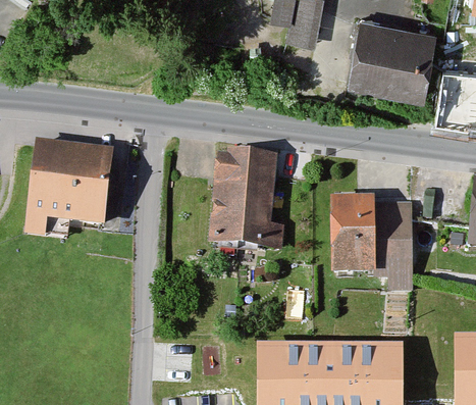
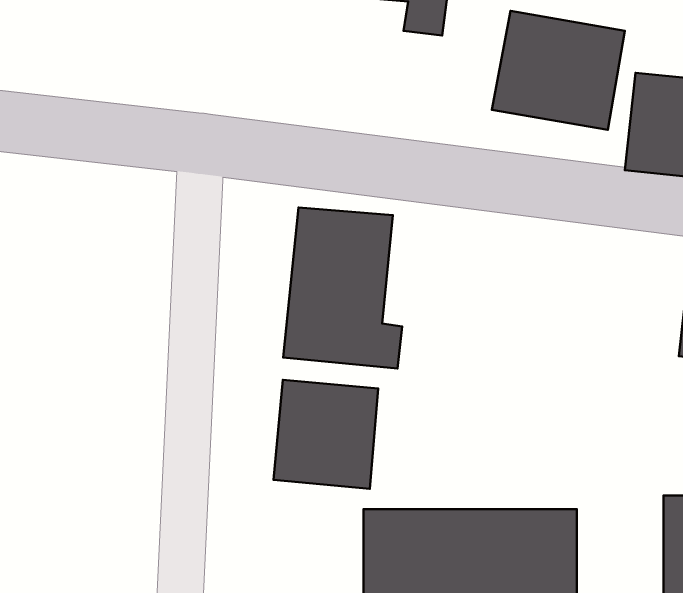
building: [27,138,114,229] -> none
building: [329,199,414,277] -> none
building: none -> [273,380,378,489]

